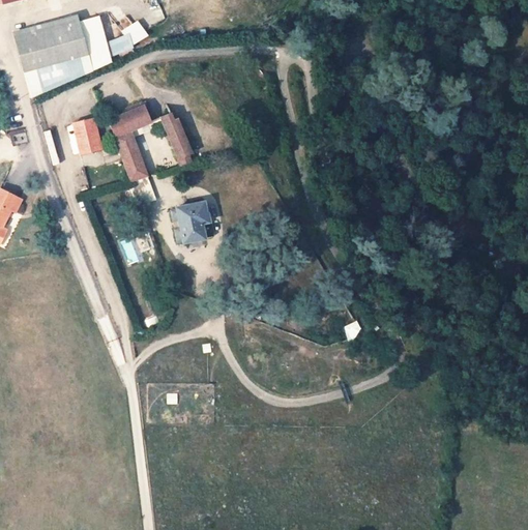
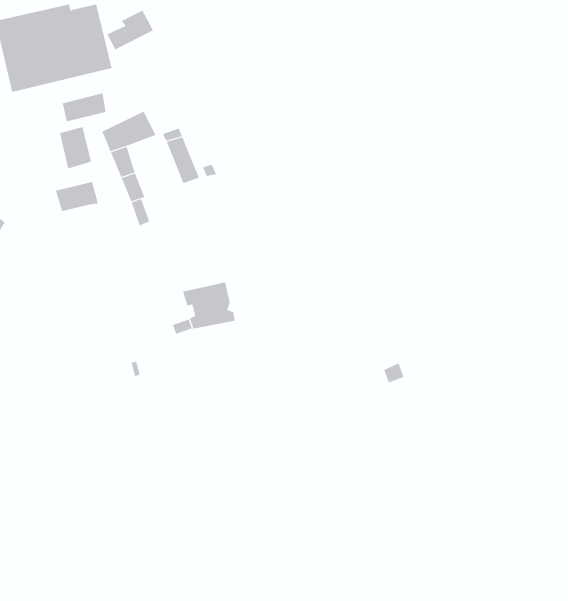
building: none -> [62,93,106,122]
building: none -> [55,181,99,212]
building: [168,201,213,241] -> [182,282,235,329]

